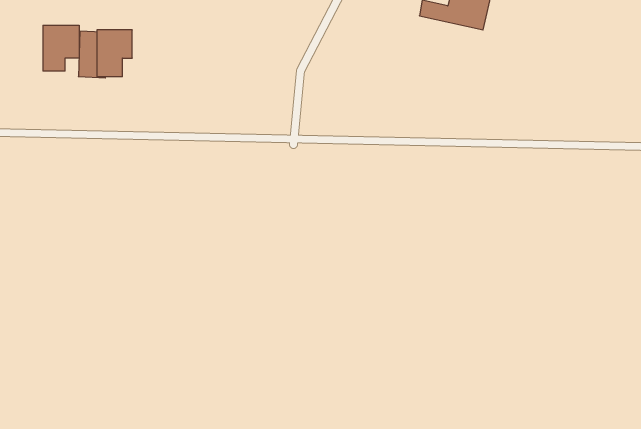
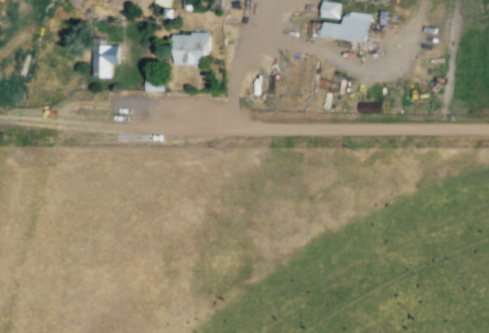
building: none -> [170,31,208,64]
building: [43,25,79,71] -> none

